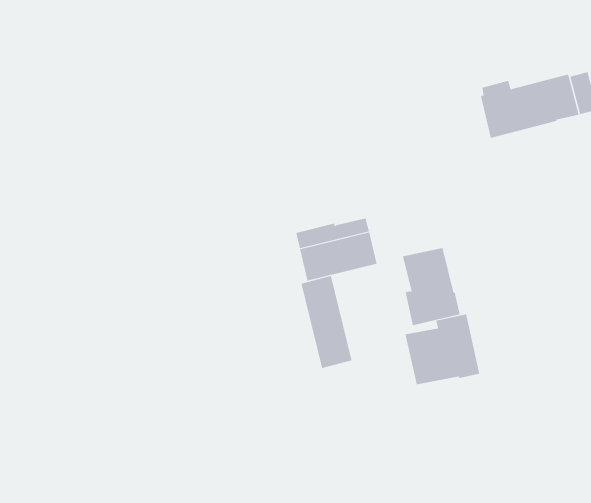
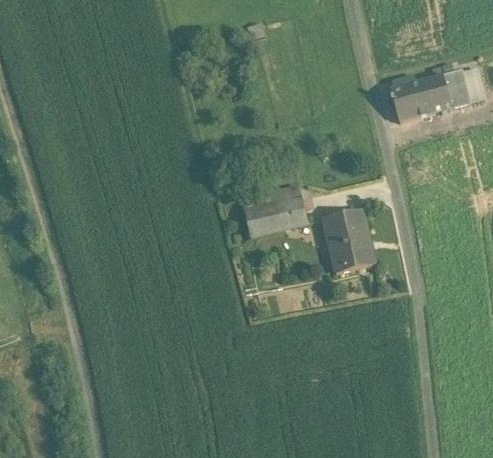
building: [301,275,352,369] -> none
building: [405,313,480,385] -> none

